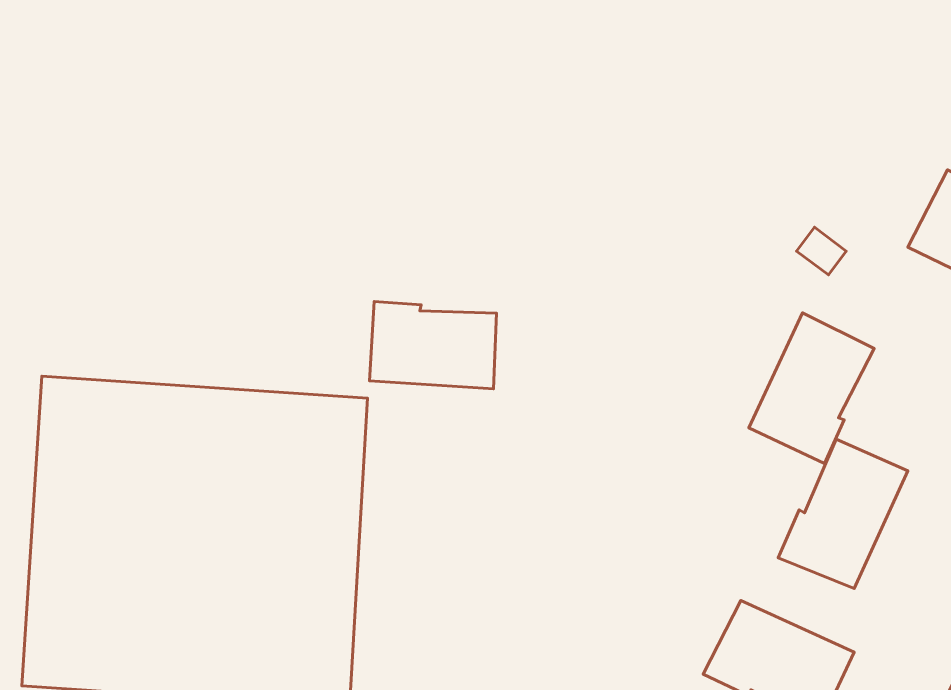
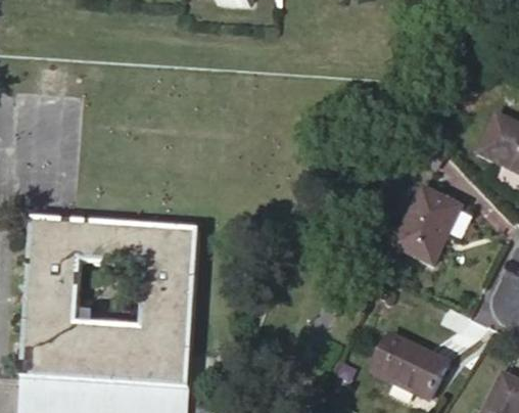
building: [369,301,496,389] -> none
building: [778,439,908,588] -> none

